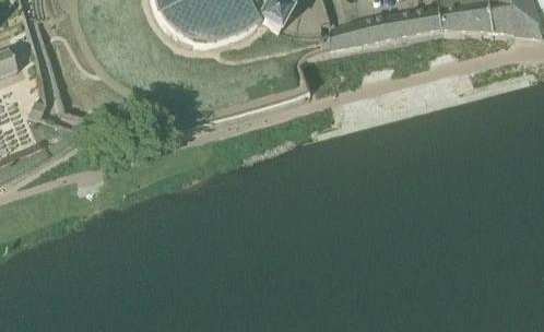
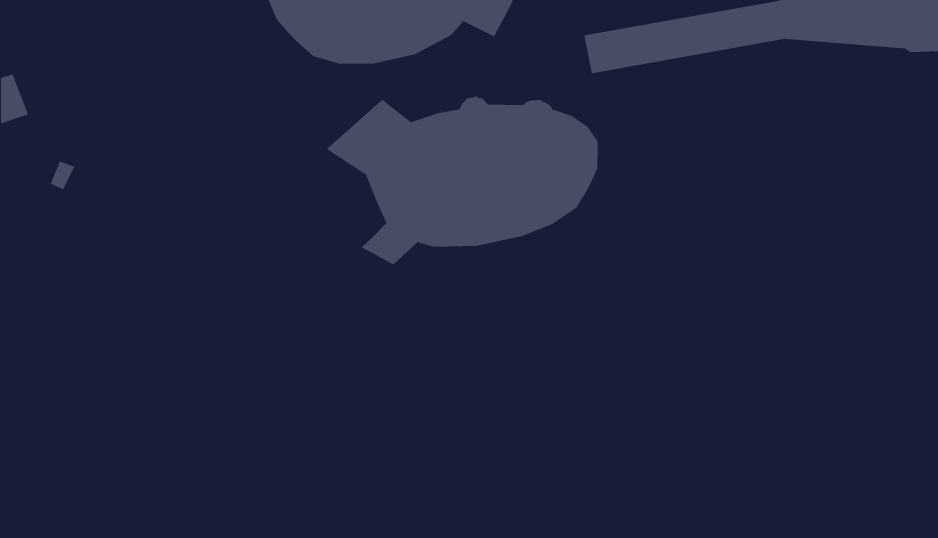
building: none -> [326,95,598,265]

